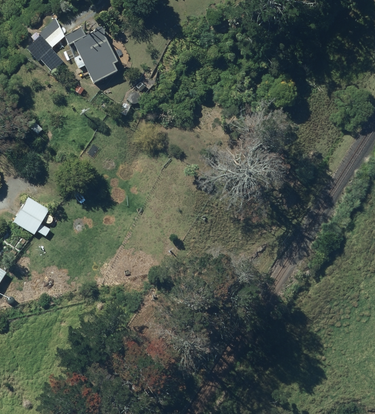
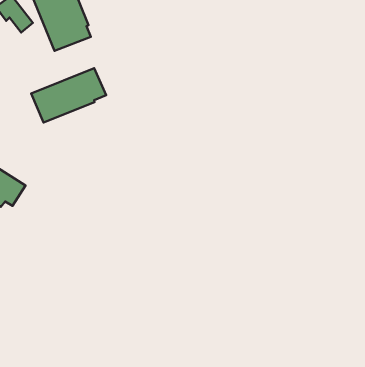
building: none -> [31,68,106,123]

